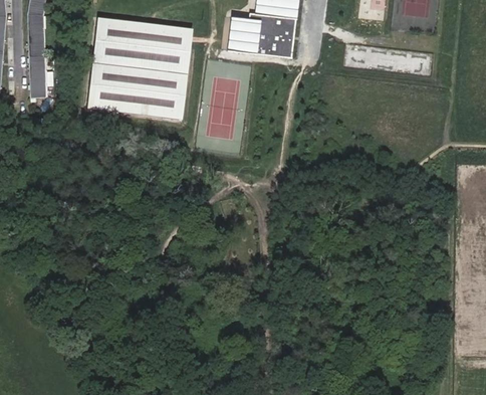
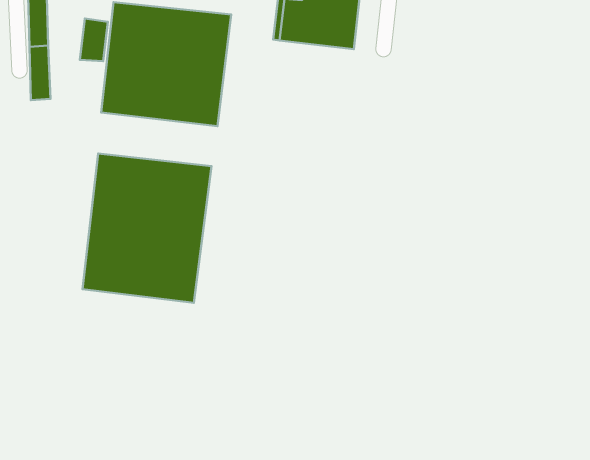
building: none -> [80,18,108,61]
building: none -> [82,154,211,303]

